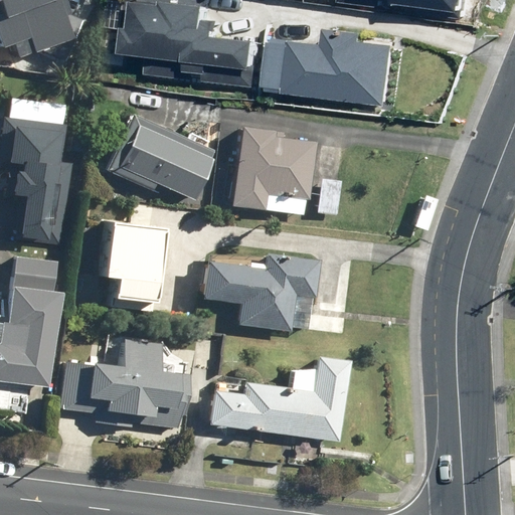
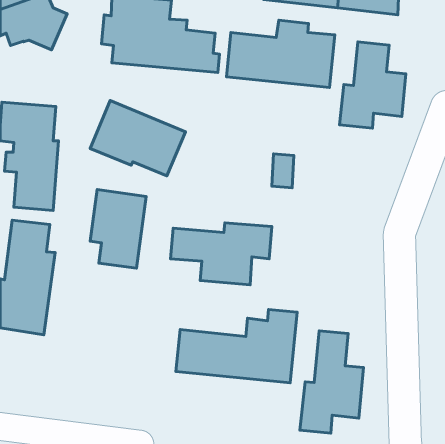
building: none -> [339,42,406,128]
building: [225,127,316,216] -> none
building: [63,338,192,425] -> none
building: none -> [300,331,363,433]

